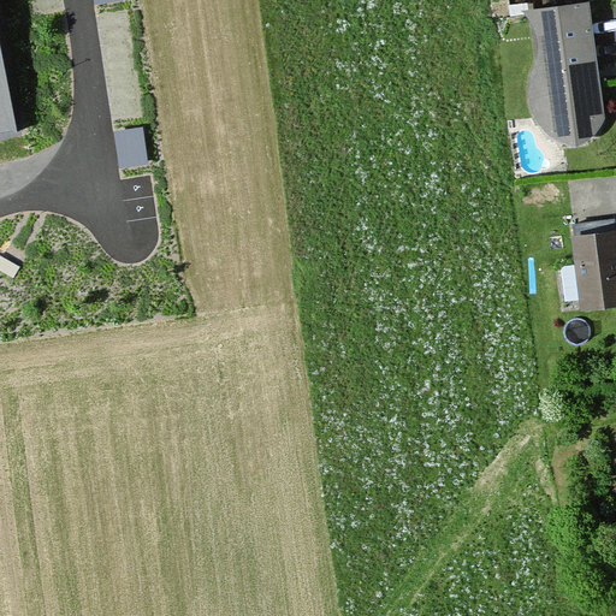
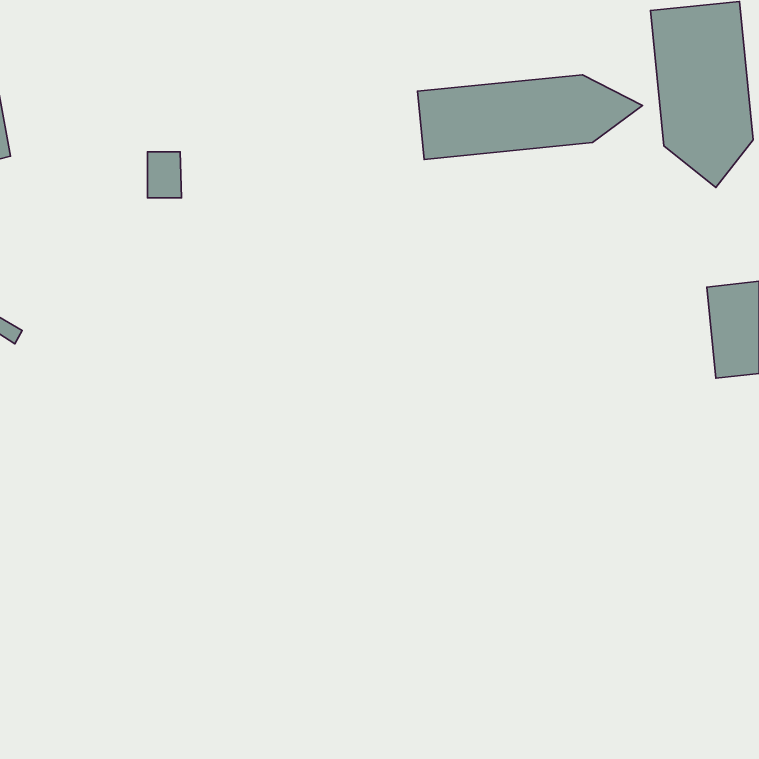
building: none -> [417,75,643,160]

